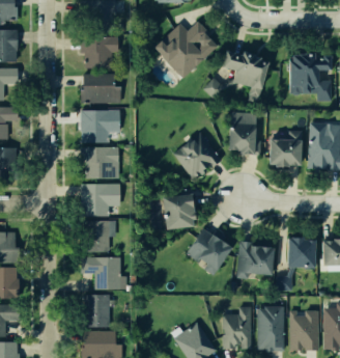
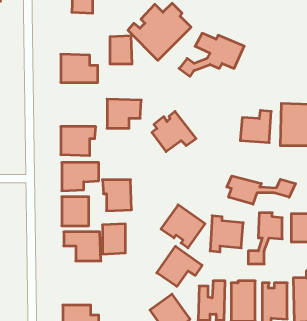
building: [87,38,110,67] -> [110,36,132,64]
building: [290,56,331,101] -> none
building: [85,111,120,141] -> [107,99,141,128]
building: [227,113,262,155] -> none
building: [162,195,192,227] -> [102,180,132,211]
building: none -> [227,176,296,204]
building: none -> [157,246,202,286]
building: [86,296,110,327] -> [102,224,125,254]

